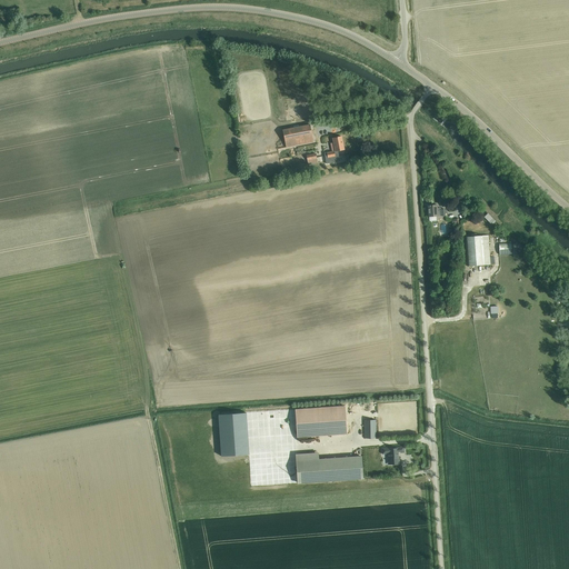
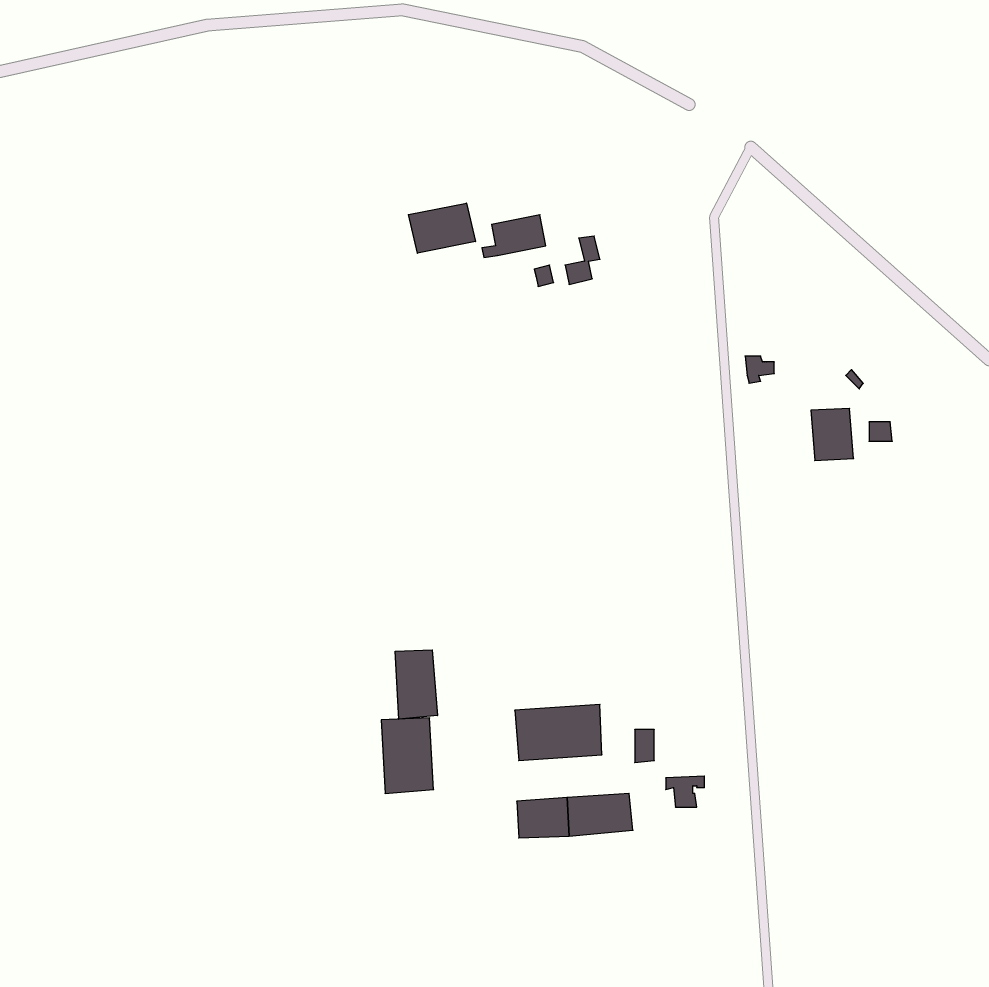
building: none -> [408,203,475,253]
building: none -> [395,650,437,719]

